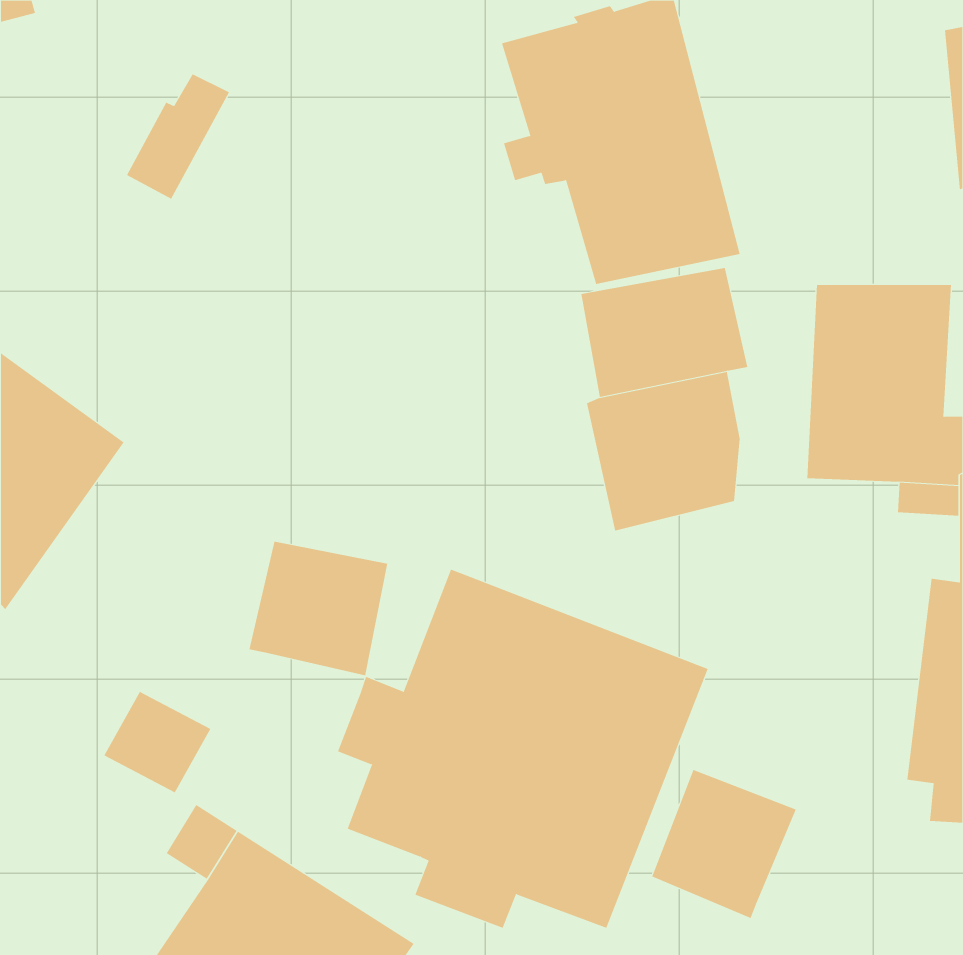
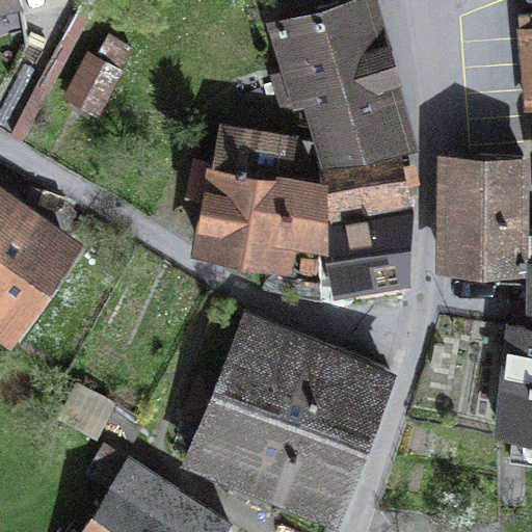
building: none -> [193,128,322,267]
building: [249,541,388,676] -> none
building: [652,769,797,919] -> none

